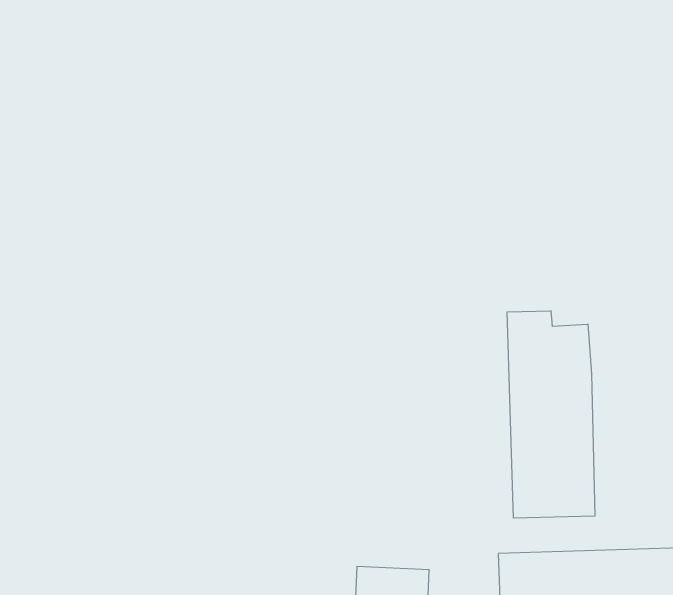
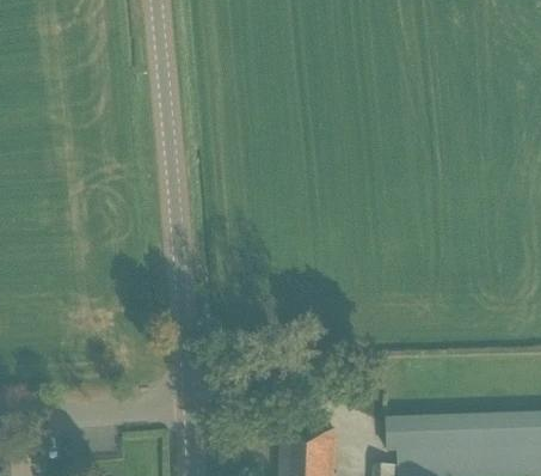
building: [507,311,595,518] -> none

